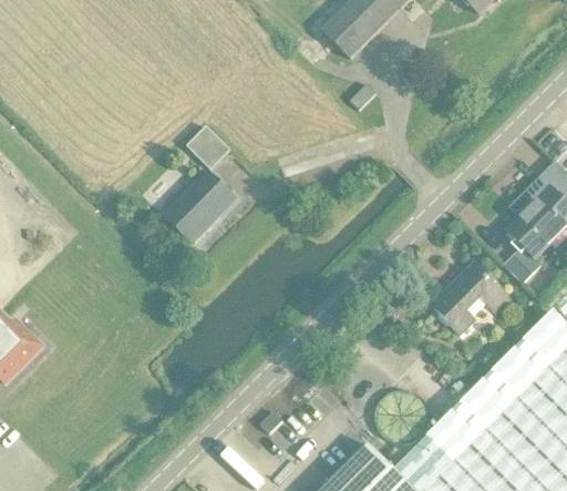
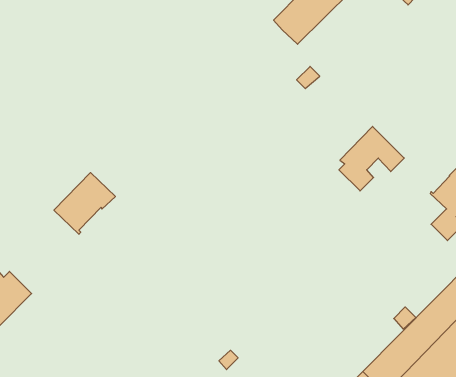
building: [185,129,228,171] -> none
building: [162,174,233,245] -> [54,173,115,234]
building: [433,264,508,338] -> [339,126,404,191]

